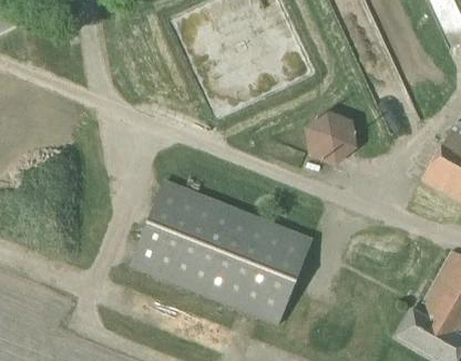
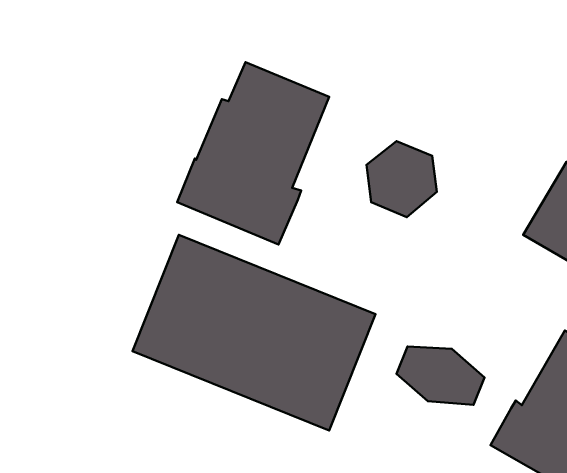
building: none -> [177,62,329,245]
building: none -> [396,346,485,405]

